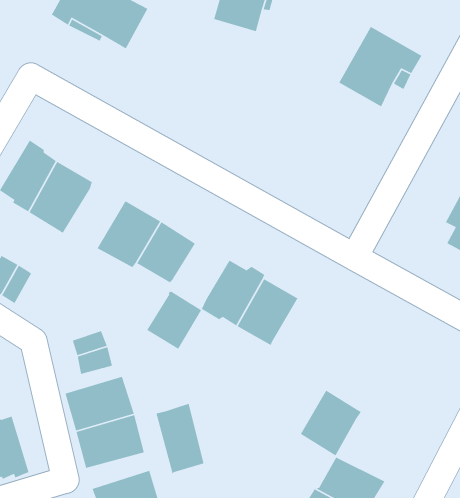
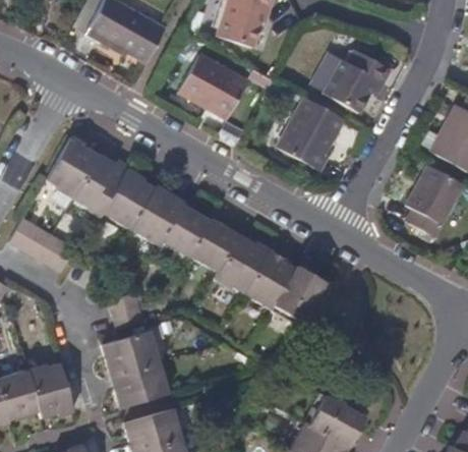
building: none -> [183,53,249,117]
building: none -> [278,95,346,170]
building: none -> [100,169,149,226]
building: [146,291,202,350] -> [188,219,234,268]
building: [300,390,362,456] -> [270,267,320,322]
building: [155,403,204,476] -> none

